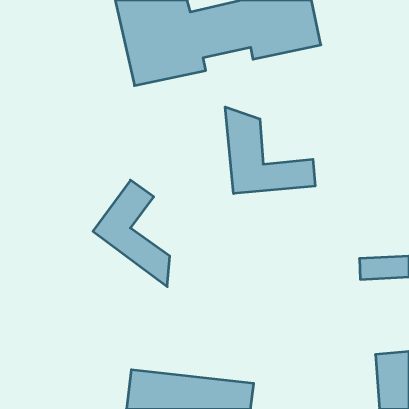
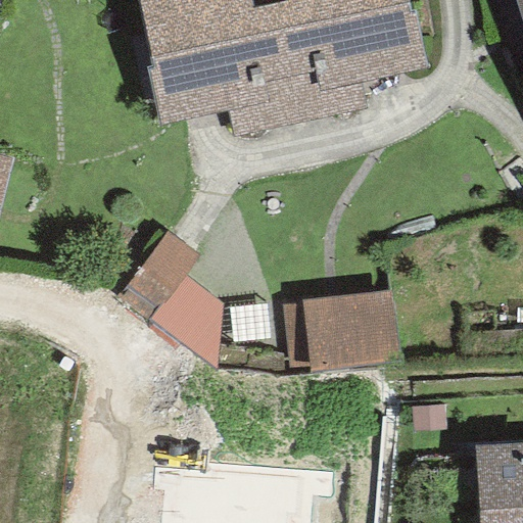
building: [225,107,315,194] -> none
building: none -> [302,291,396,365]

